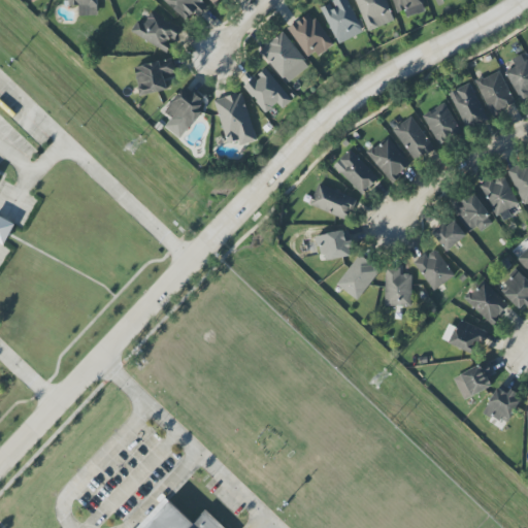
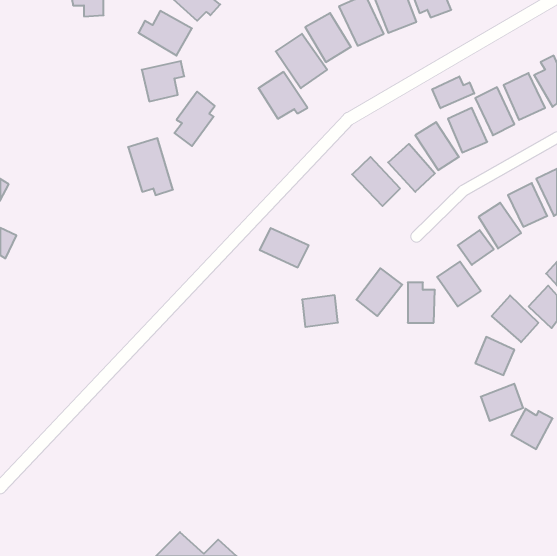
building: none -> [432,76,474,108]
building: [214,92,257,145] -> [128,138,173,195]
building: [309,183,356,220] -> [260,228,309,267]
building: [319,230,353,260] -> [302,295,338,327]

